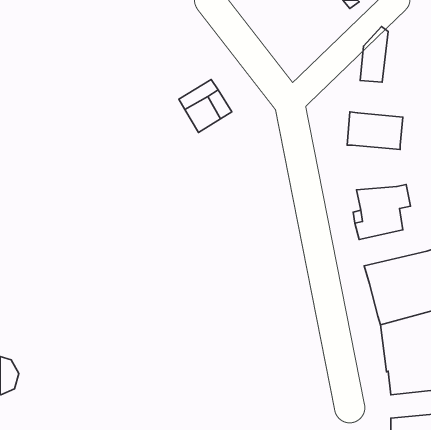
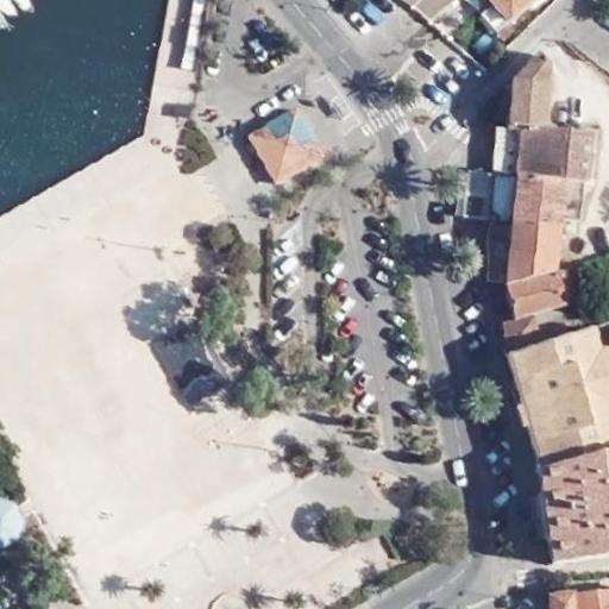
building: none -> [506,121,592,213]
building: none -> [489,212,565,274]
building: none -> [508,322,602,379]

